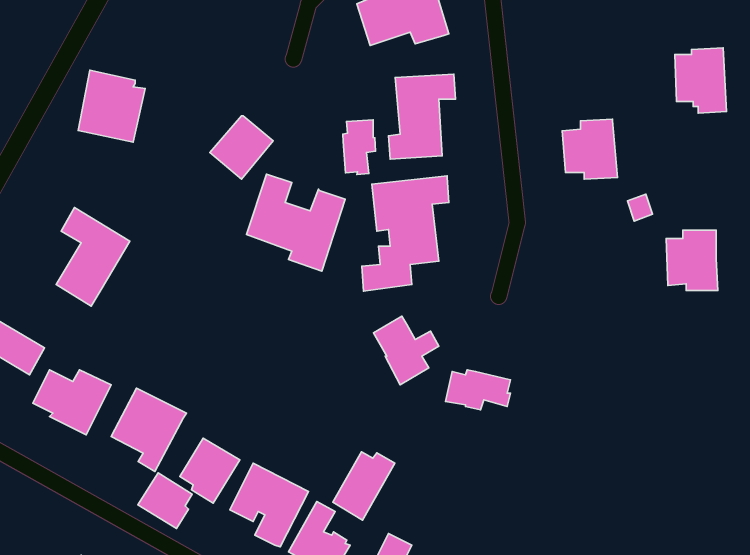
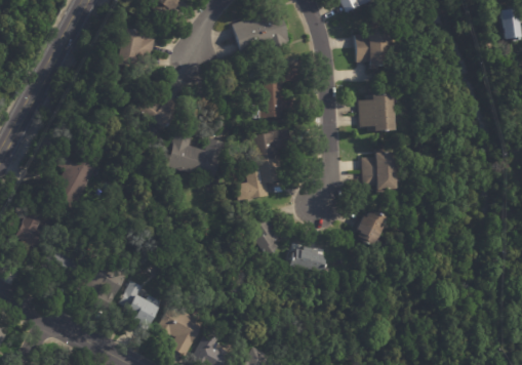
building: [675,48,727,113] -> [357,29,389,69]
building: [78,70,145,142] -> [113,27,154,71]
building: [343,120,375,175] -> none
building: [666,230,718,290] -> [363,152,395,189]
building: none -> [356,210,388,250]
building: [333,452,395,520] -> none
building: [138,473,192,529] -> none

